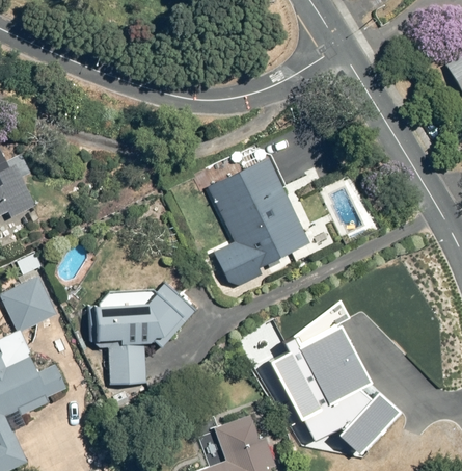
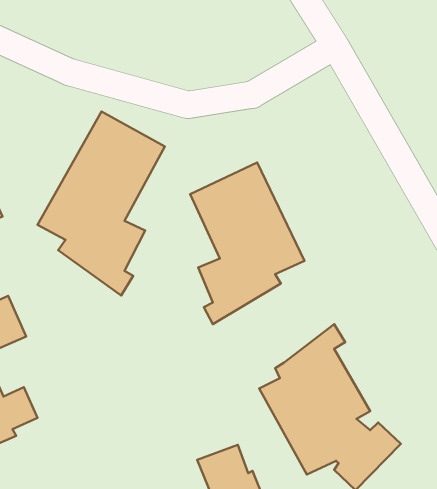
building: none -> [38,112,165,295]
building: [94,283,193,385] -> none

